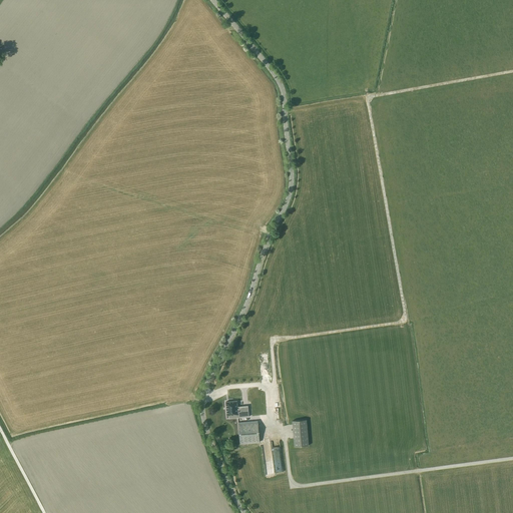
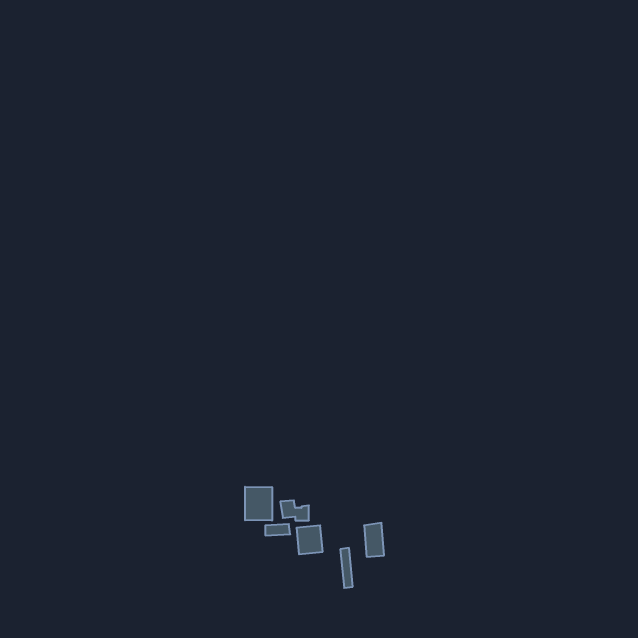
building: none -> [245,487,272,521]

